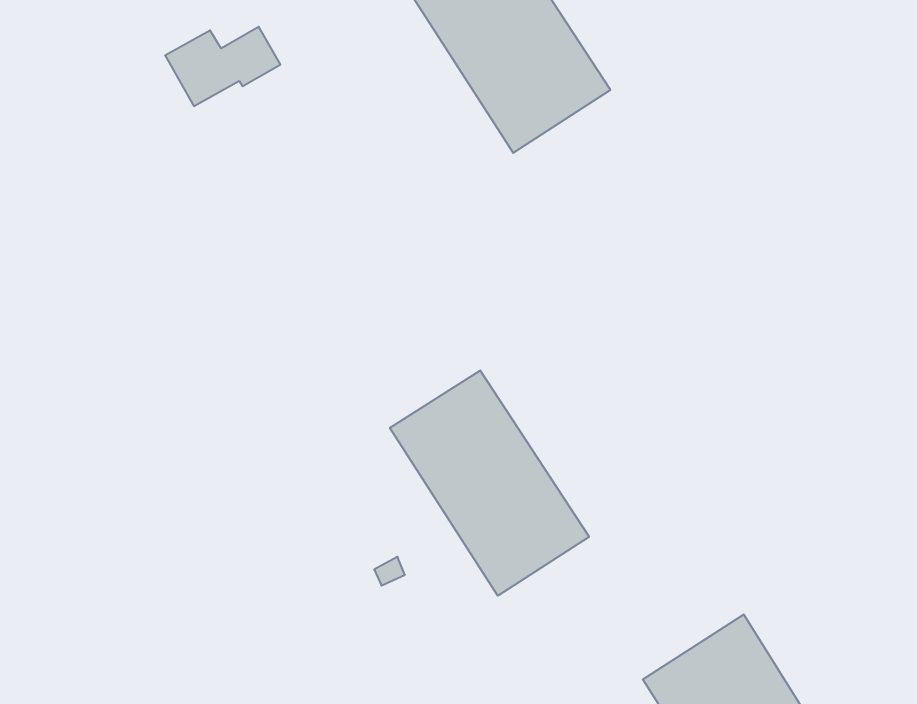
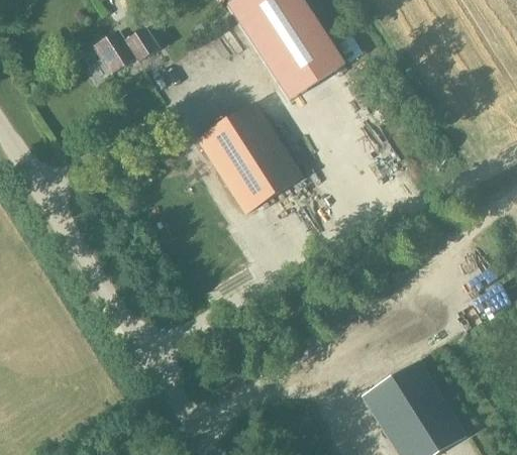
building: none -> [197,103,301,213]
building: [390,370,589,596] -> none

